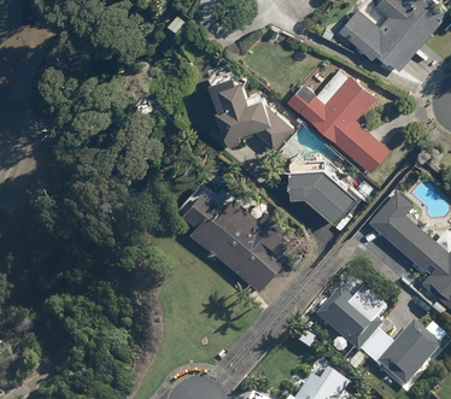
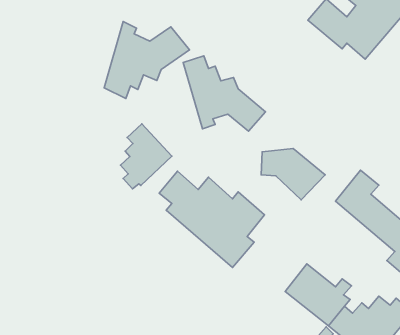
building: none -> [104,21,189,98]
building: [283,75,389,171] -> none
building: none -> [120,124,172,189]

